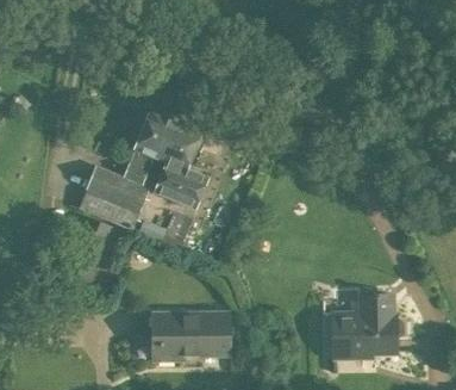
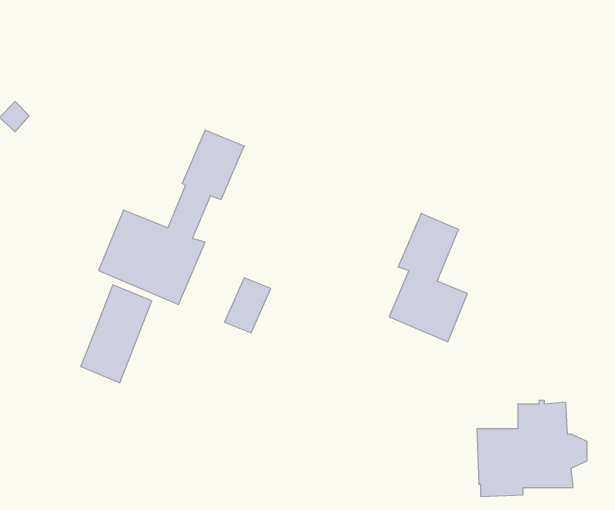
building: [155,123,207,209] -> [389,214,467,342]
building: [154,311,231,360] -> none

